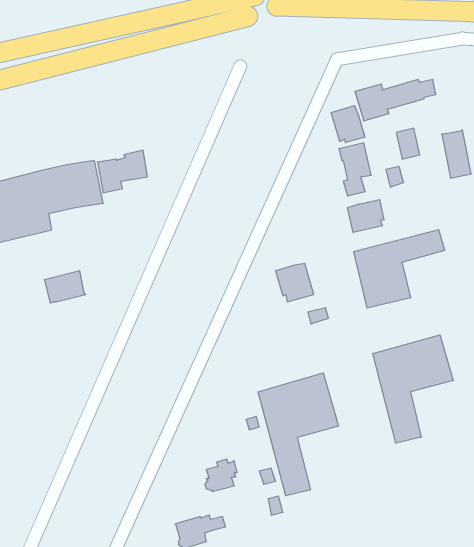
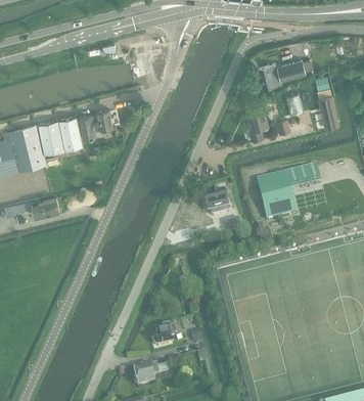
building: [331,106,365,143] -> none
building: [348,200,384,233] -> none
building: [373,335,453,443] -> none
building: [258,373,339,496] -> none

